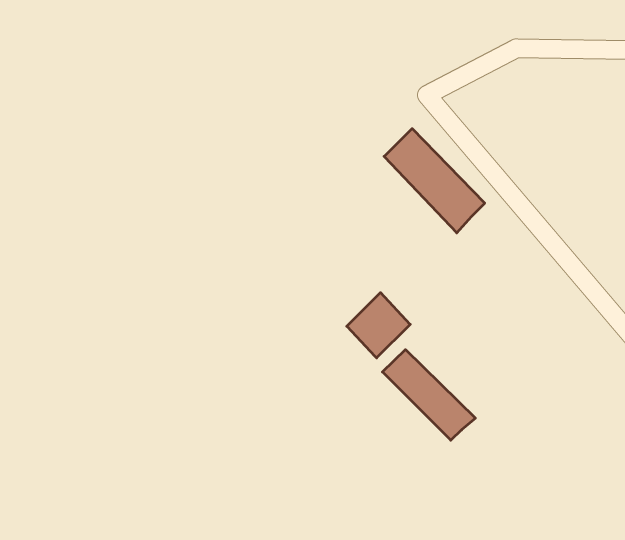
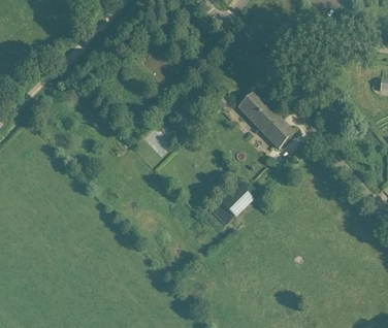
building: [382,350,475,440] -> none

